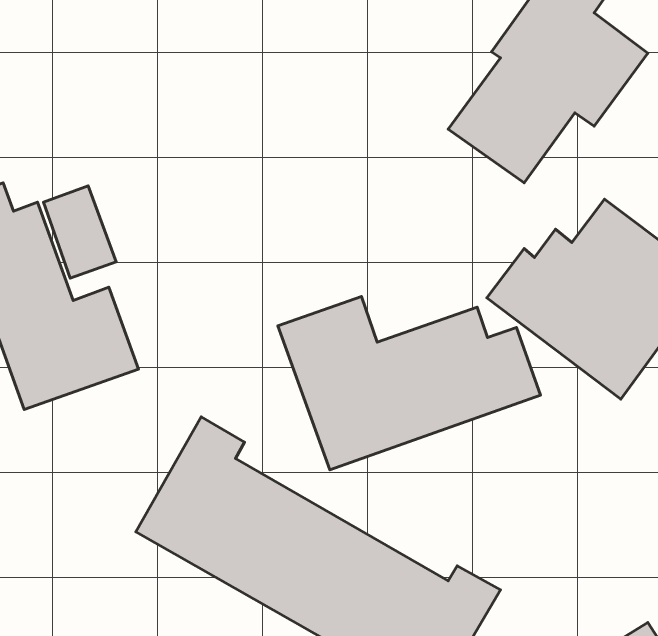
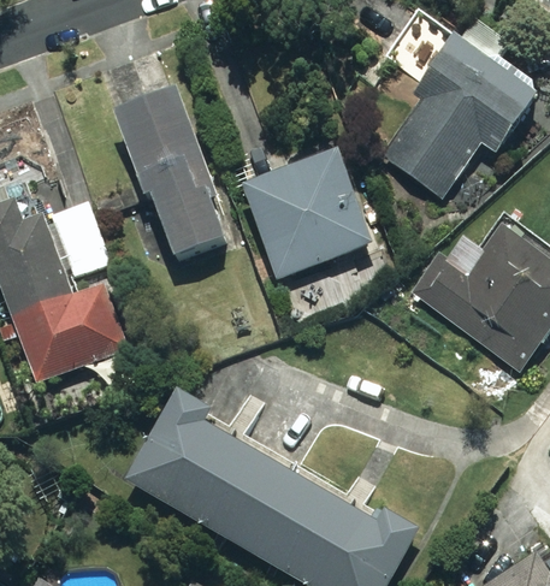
building: none -> [114,90,226,256]
building: none -> [242,149,374,278]
building: [278,297,540,470] -> none

